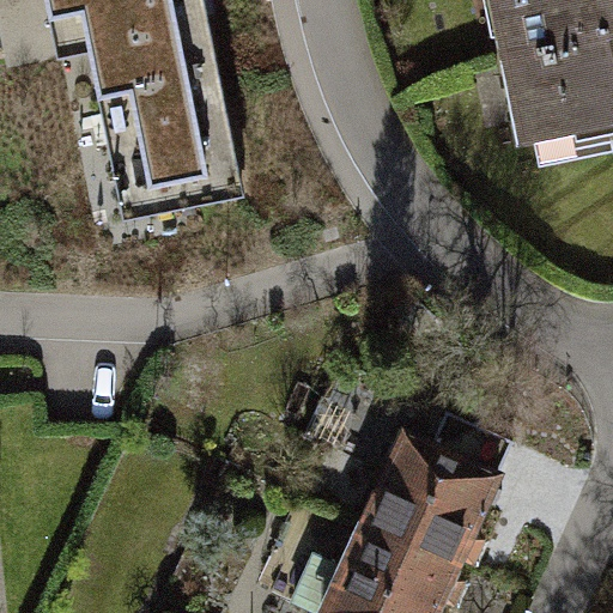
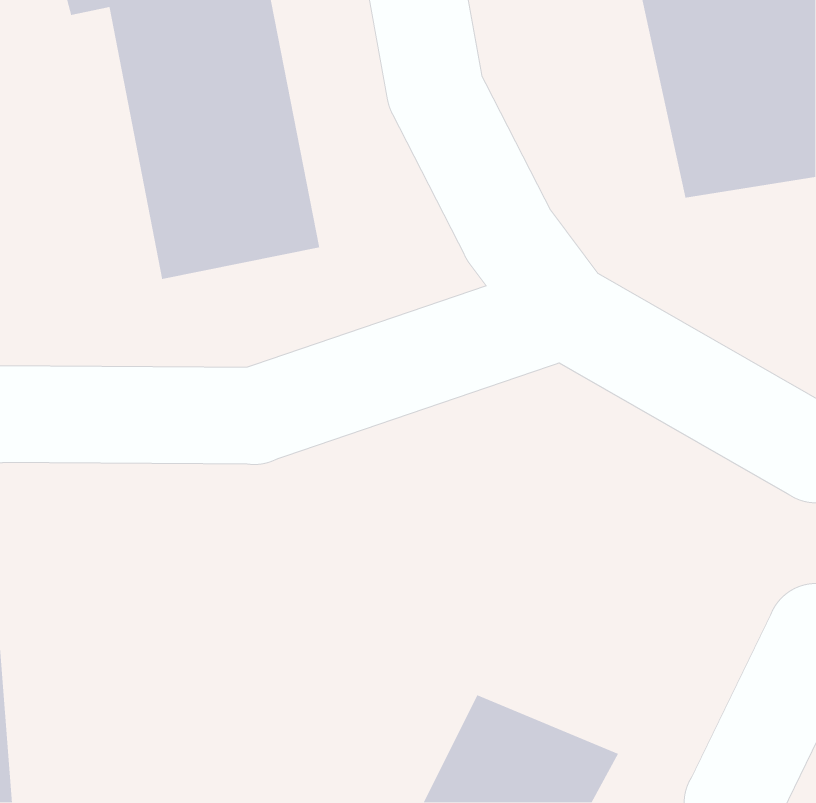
building: [357,432,505,564] -> none

